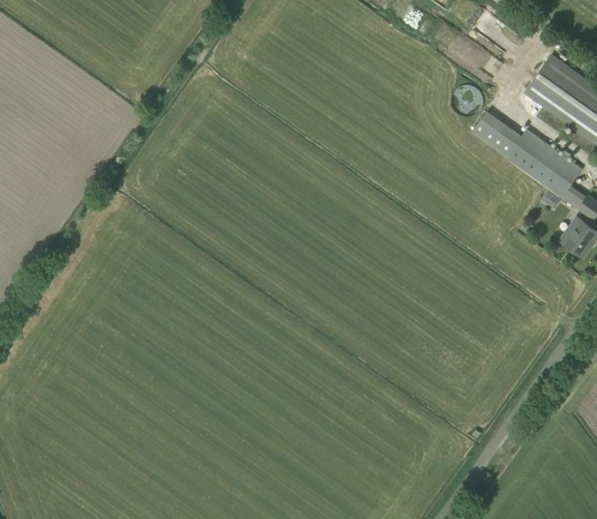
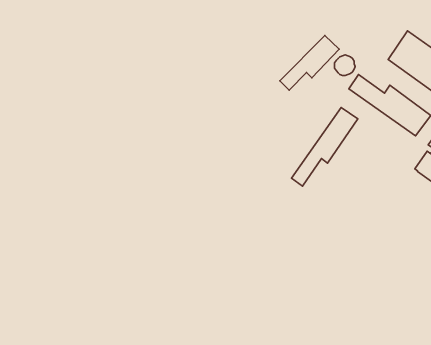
building: none -> [280,36,339,90]
building: none -> [291,108,358,186]

